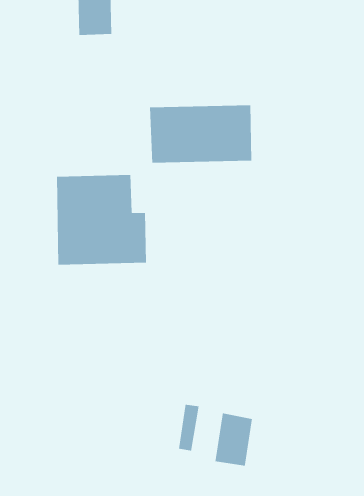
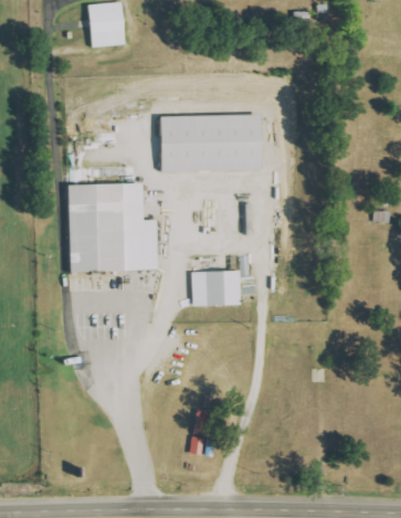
building: none -> [190,269,240,306]
building: [215,412,253,467] -> none

